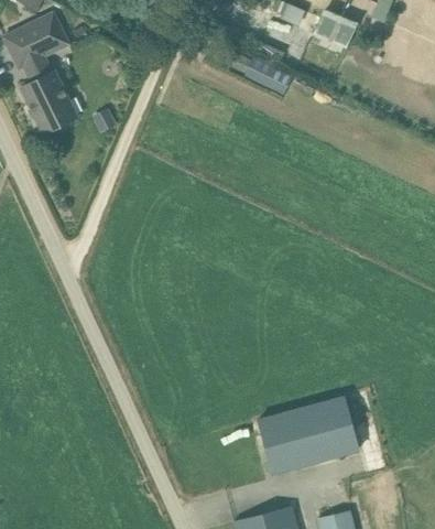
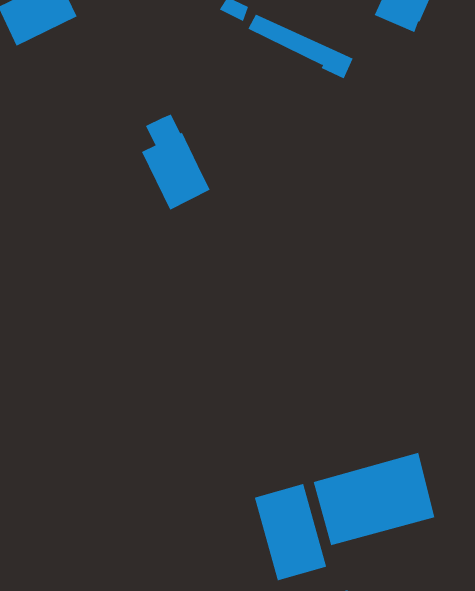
building: [20,56,76,134] -> [141,114,211,210]
building: none -> [254,483,327,581]

